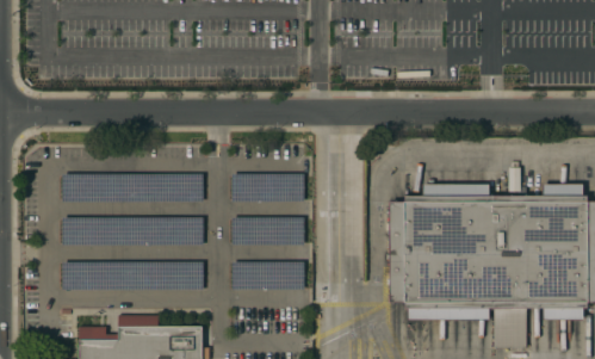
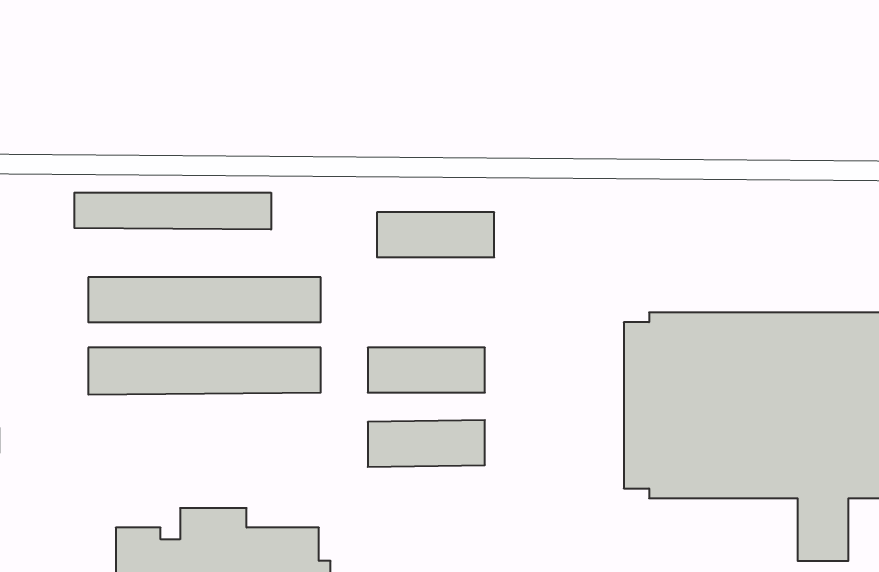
building: none -> [74,193,271,230]
building: [233,174,304,202] -> [377,212,494,257]
building: [62,261,204,290] -> none

